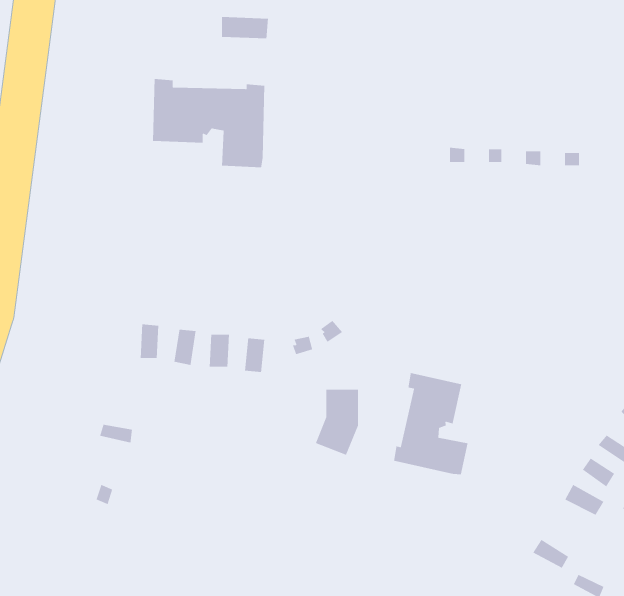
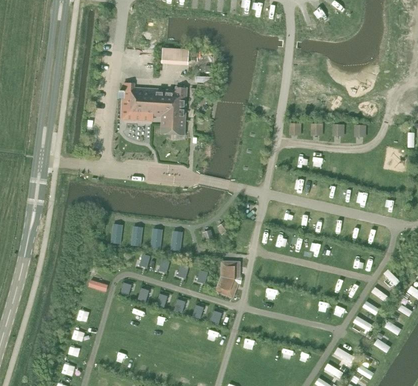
building: [393,372,468,475] -> none

